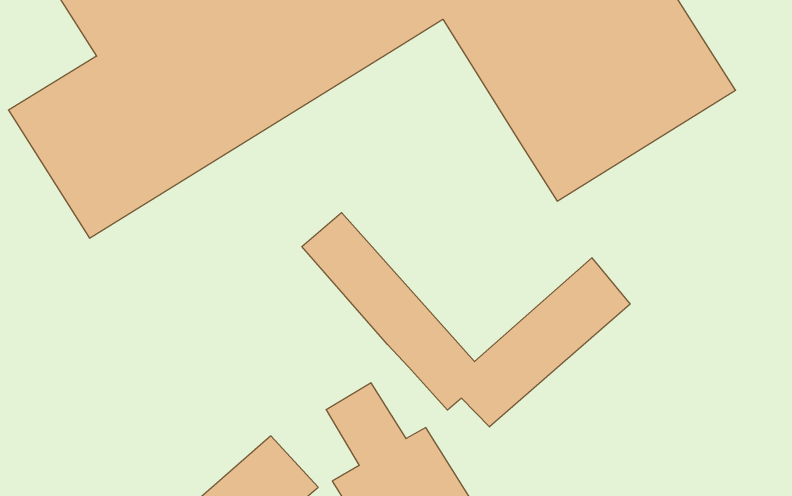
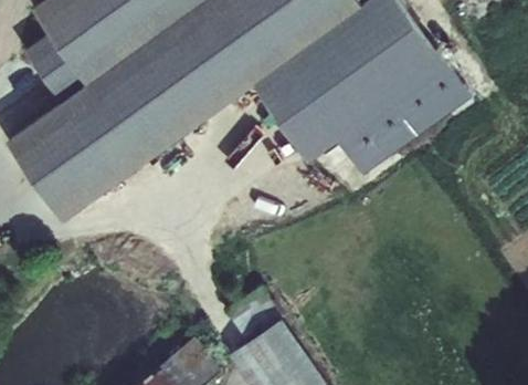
building: none -> [256,64,337,159]
building: [302,213,630,427] -> none

